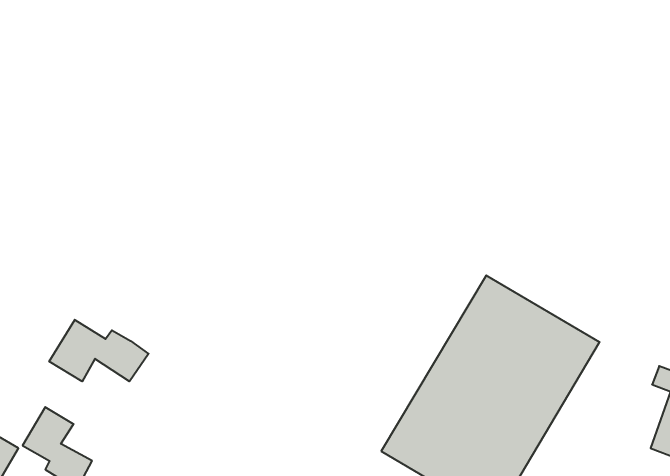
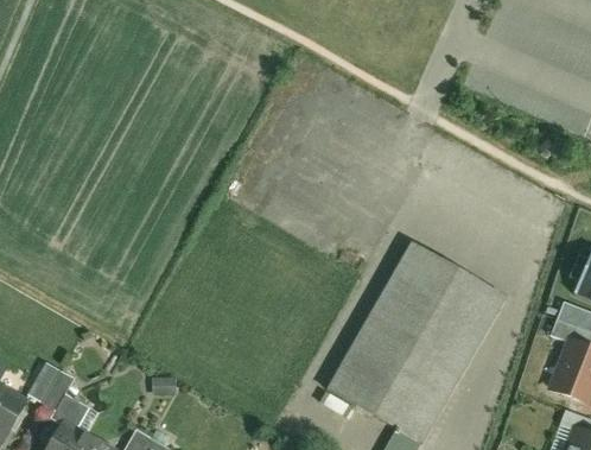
building: [49,320,149,381] -> none

